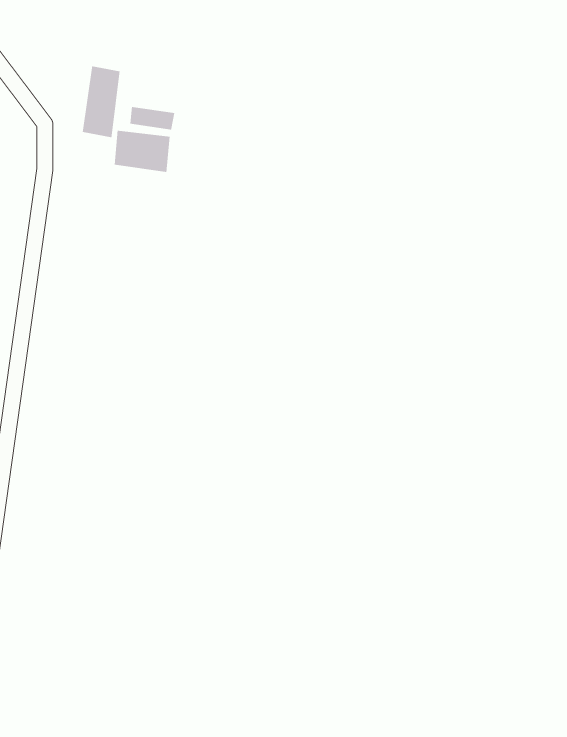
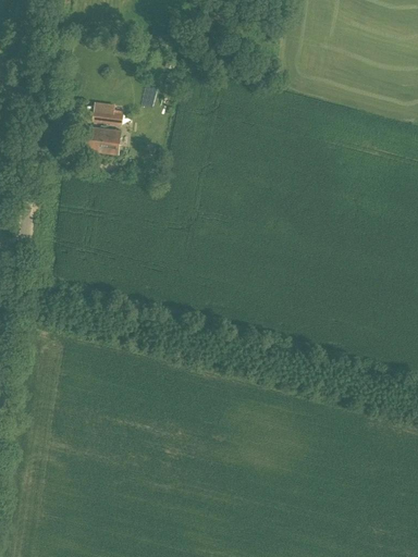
building: [82,66,120,138] -> none

